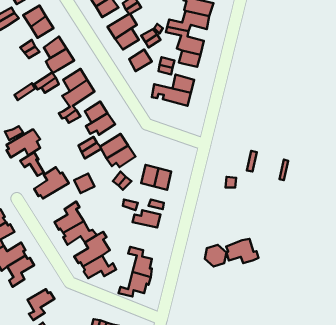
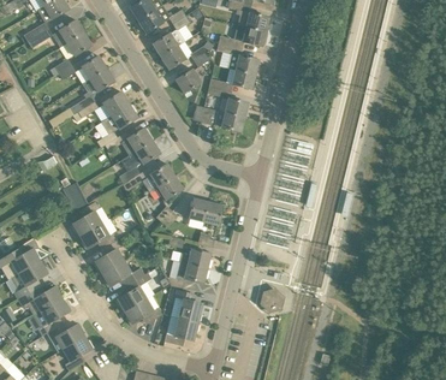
building: [7,130,40,158] -> [79,218,117,249]
building: none -> [166,261,207,287]
building: [226,239,259,263] -> none
building: none -> [46,322,83,351]

